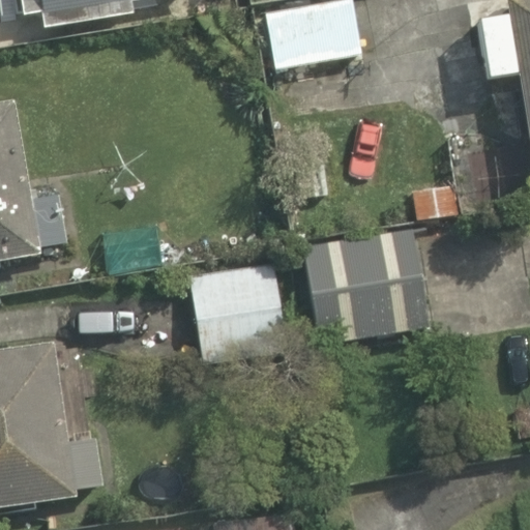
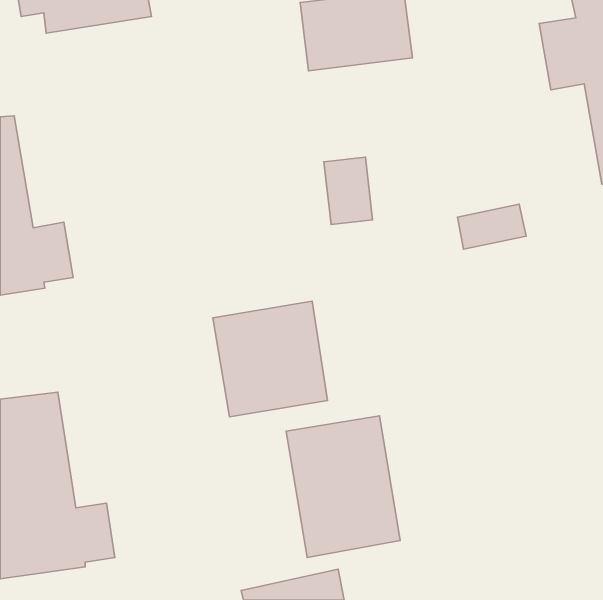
building: [303,220,419,340] -> none
building: none -> [286,416,400,557]

